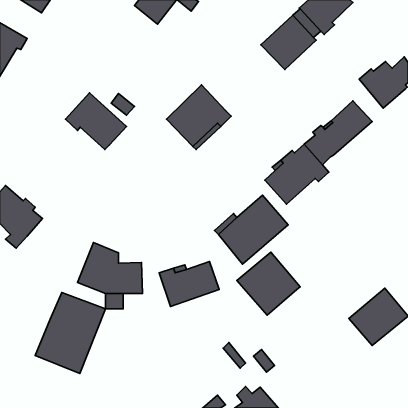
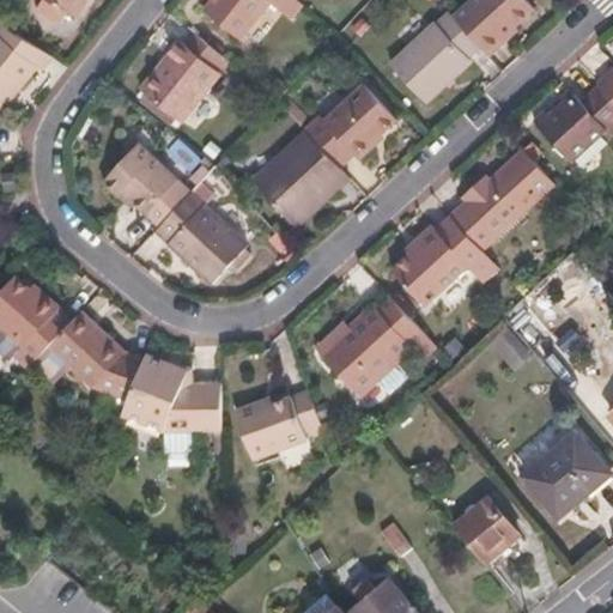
building: none -> [144,43,217,122]
building: none -> [302,80,395,165]
building: none -> [164,189,248,281]
building: none -> [41,317,116,393]
building: [237,252,300,315] -> none
building: [35,293,106,373] -> none
building: none -> [453,497,520,564]

